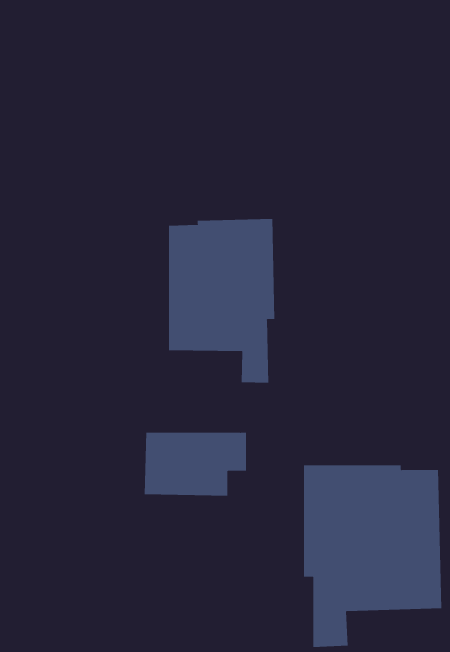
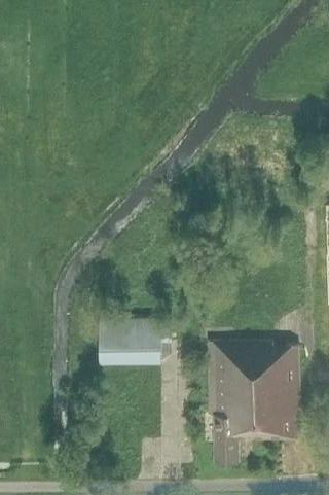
building: [169,218,275,384] -> none

